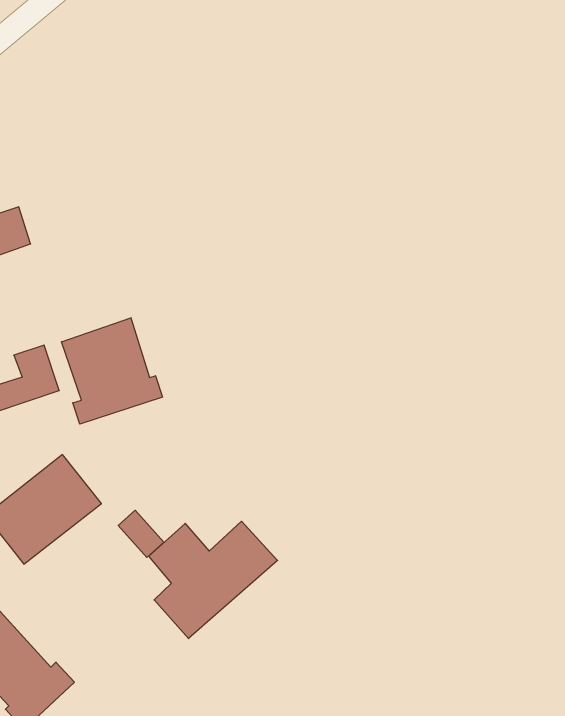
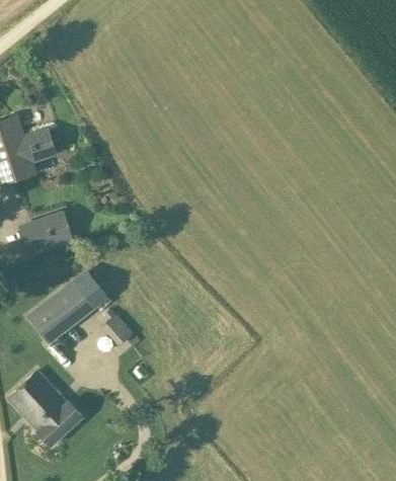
building: [62,318,162,424] -> none
building: [149,521,278,639] -> none

